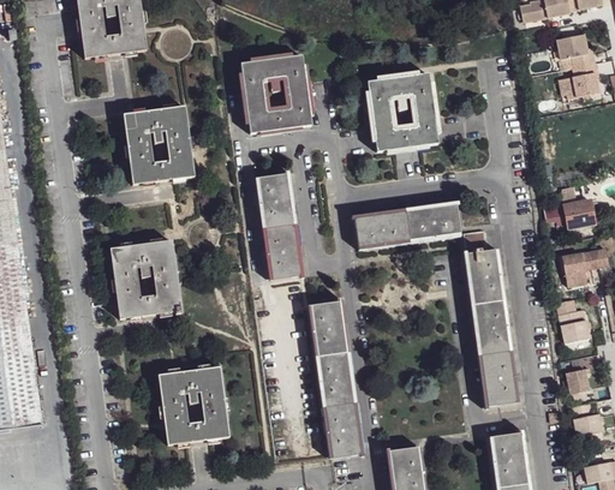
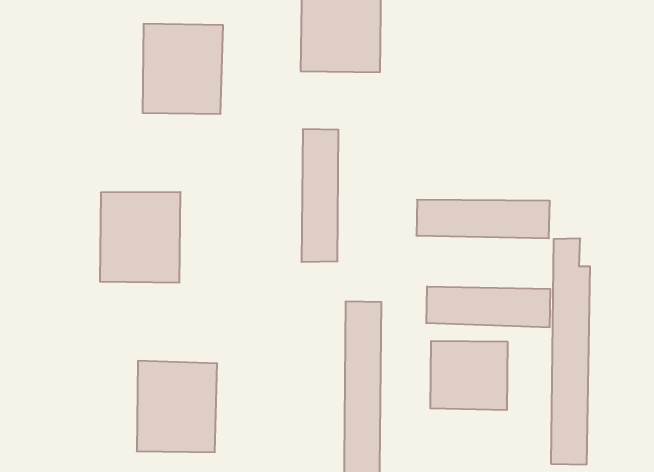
building: [365,73,437,151] -> none
building: none -> [426,286,550,327]
building: none -> [430,341,508,410]

